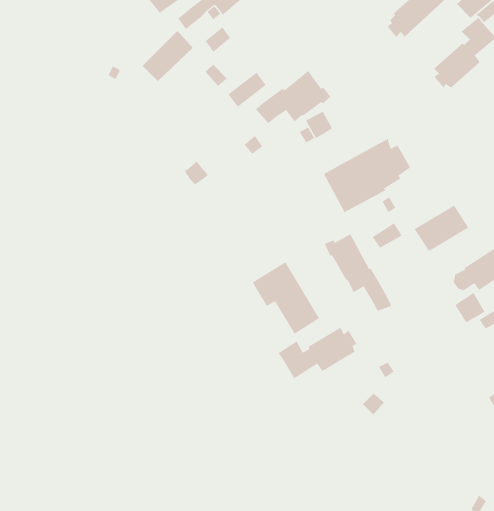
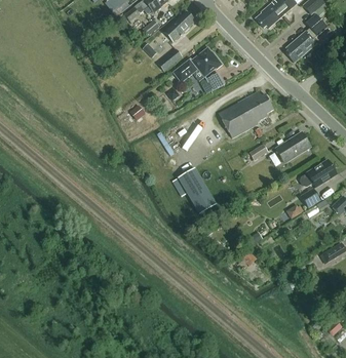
building: [142,30,194,82] -> [163,9,196,42]
building: [324,234,392,311] -> none
building: [278,327,357,379] -> none

